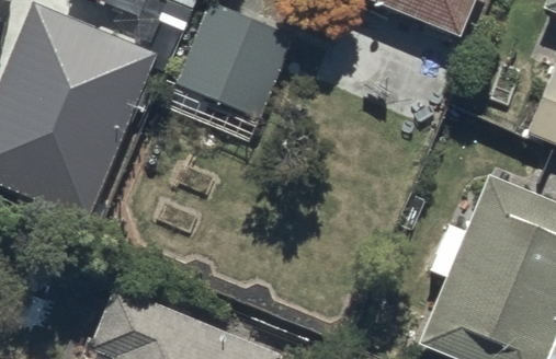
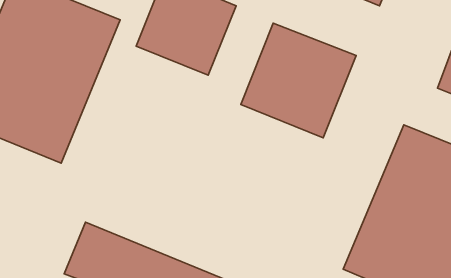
building: none -> [241,23,356,138]

